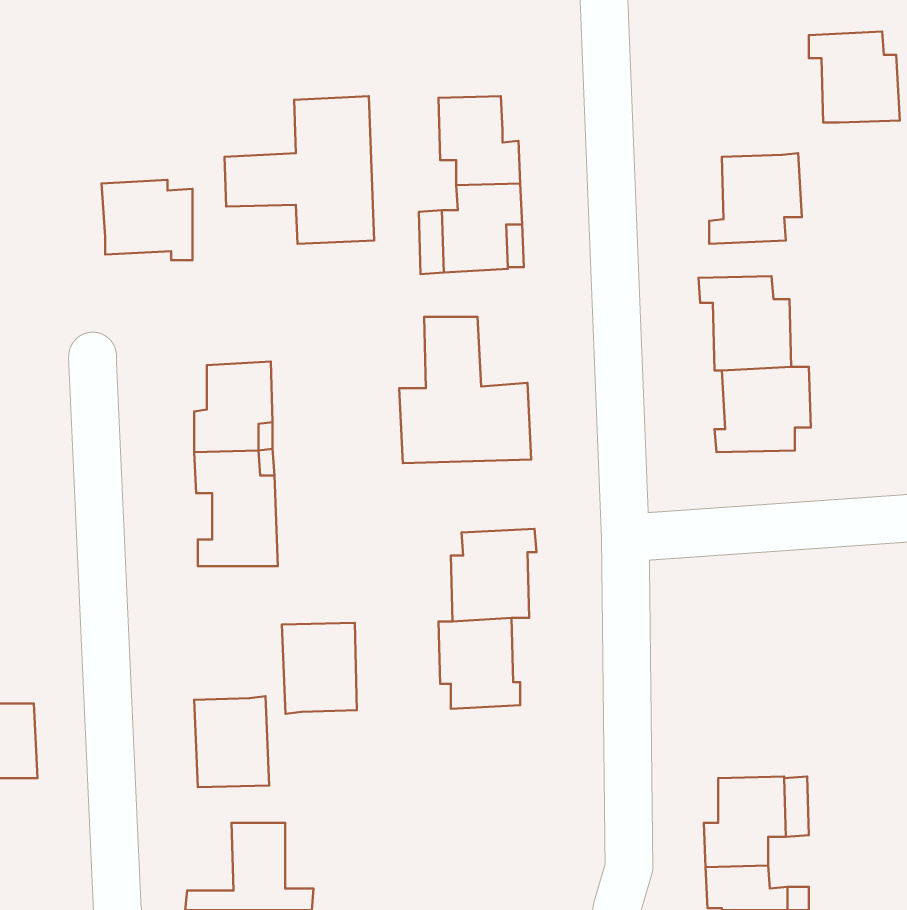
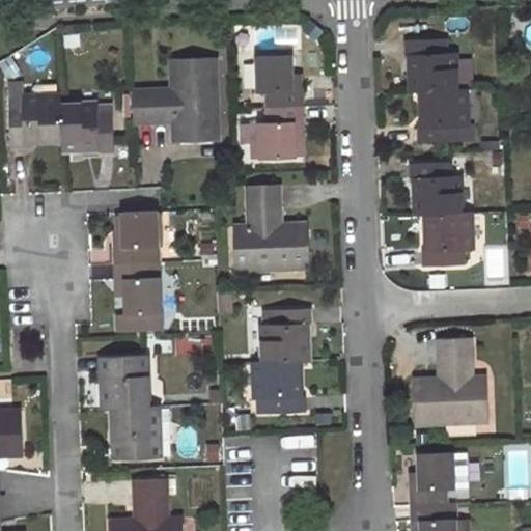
building: [809,32,900,122] -> [402,38,455,91]
building: none -> [9,96,61,145]
building: none -> [413,339,487,423]
building: [282,623,357,714] -> [102,356,145,409]

